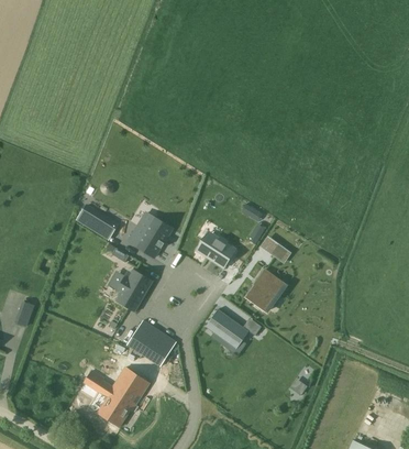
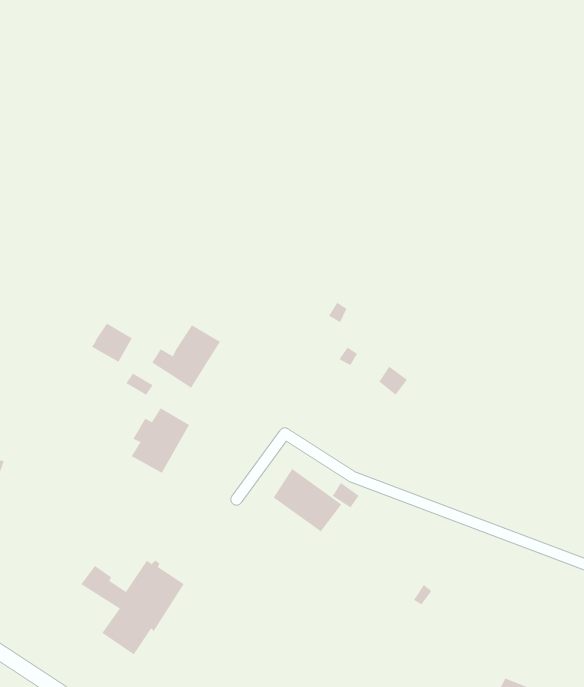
building: [197,232,234,267] -> none
building: [246,270,285,311] -> none
building: [126,320,176,365] -> none

